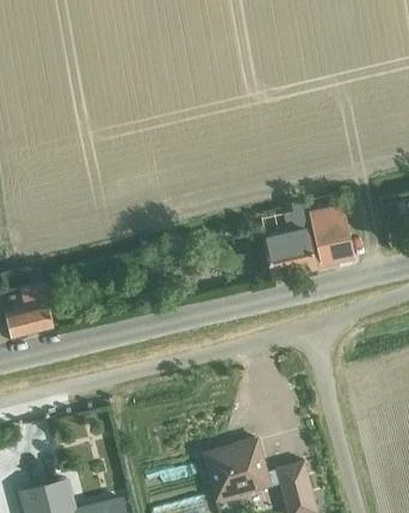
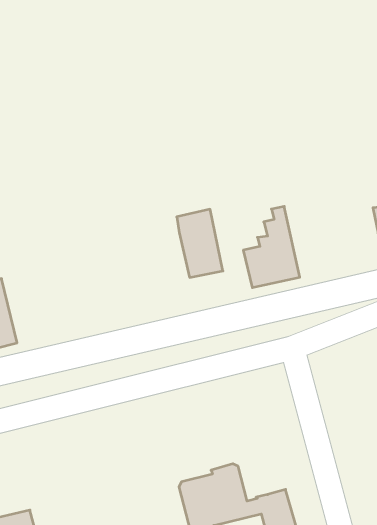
building: [309,200,352,263] -> [177,209,223,277]

